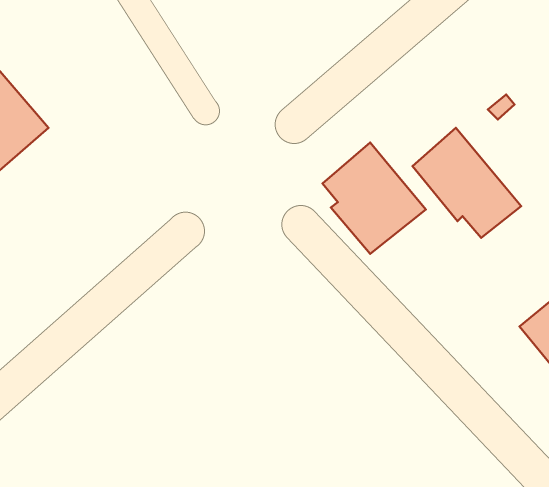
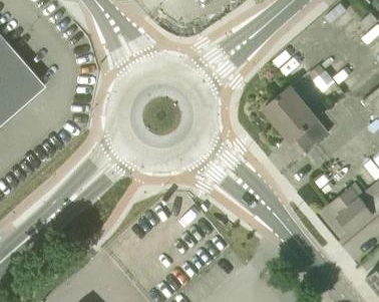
building: [323,143,426,254] -> none

